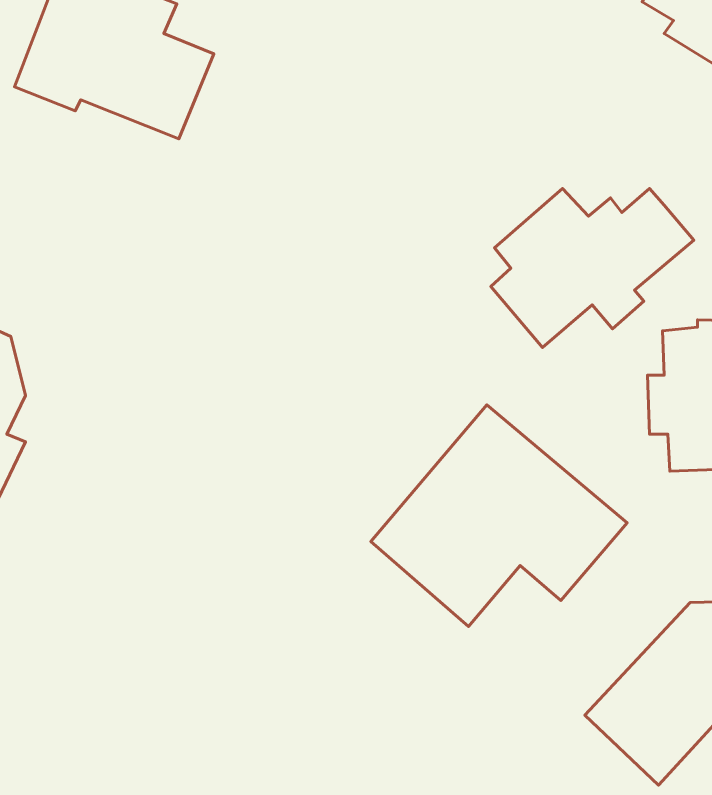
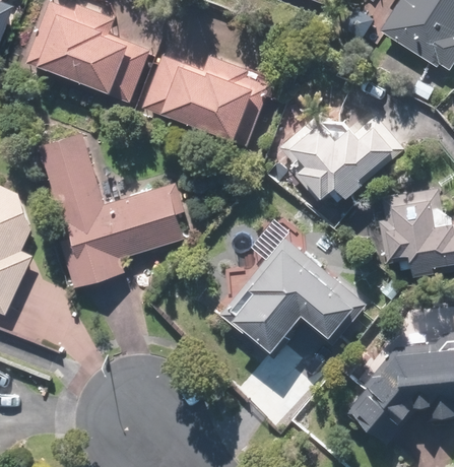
building: none -> [141,52,258,137]
building: none -> [42,131,186,286]

